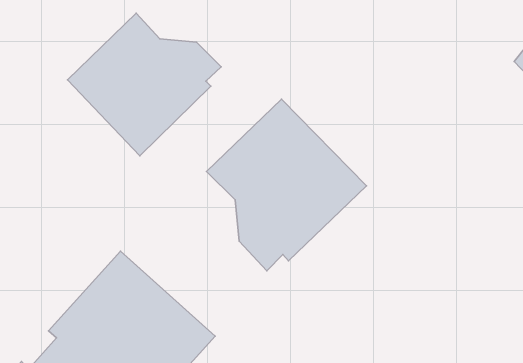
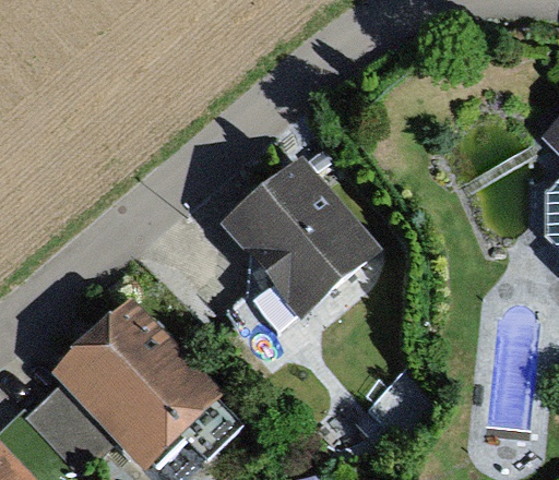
building: [67,13,221,156] -> none

